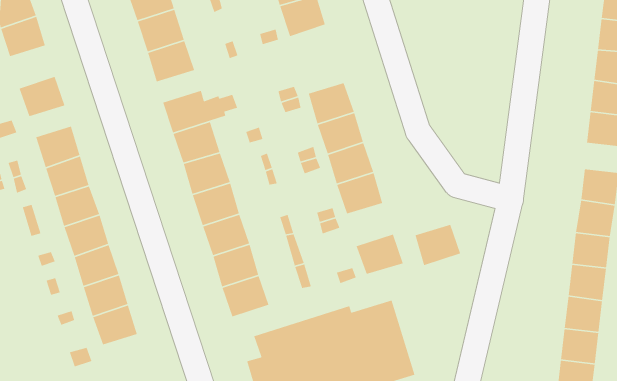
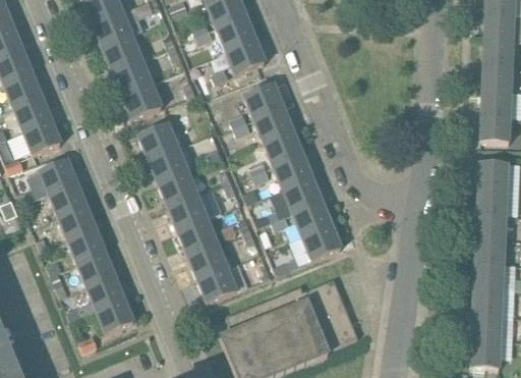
building: none -> [13,97,51,132]
building: none -> [244,83,283,118]
building: [414,224,461,266] -> [293,202,332,237]

